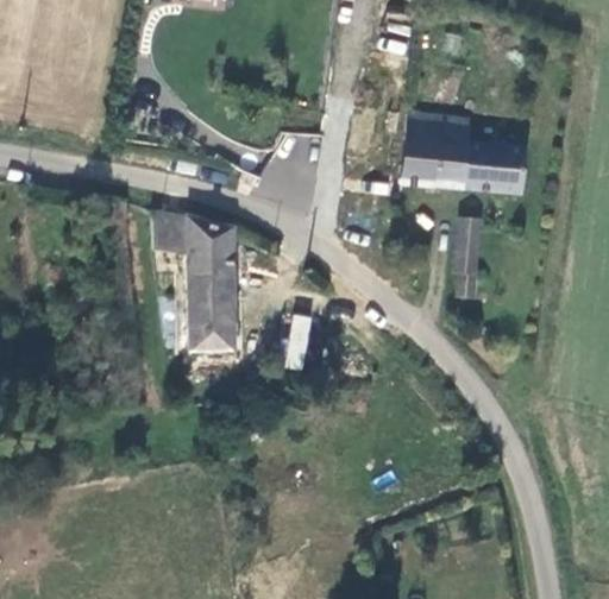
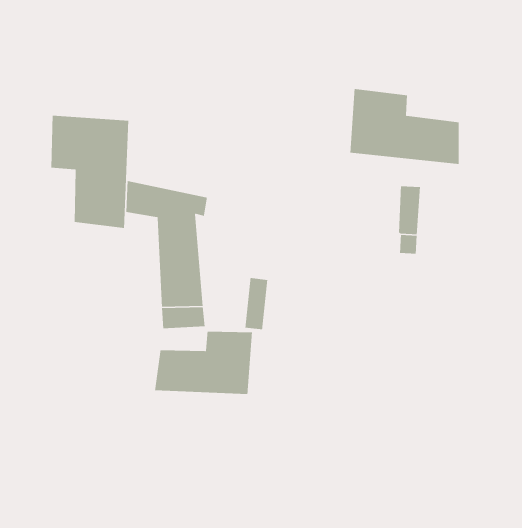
building: none -> [51,115,129,229]
building: none -> [154,331,253,395]

